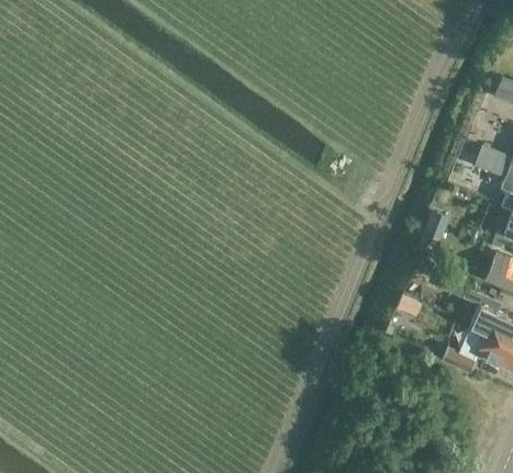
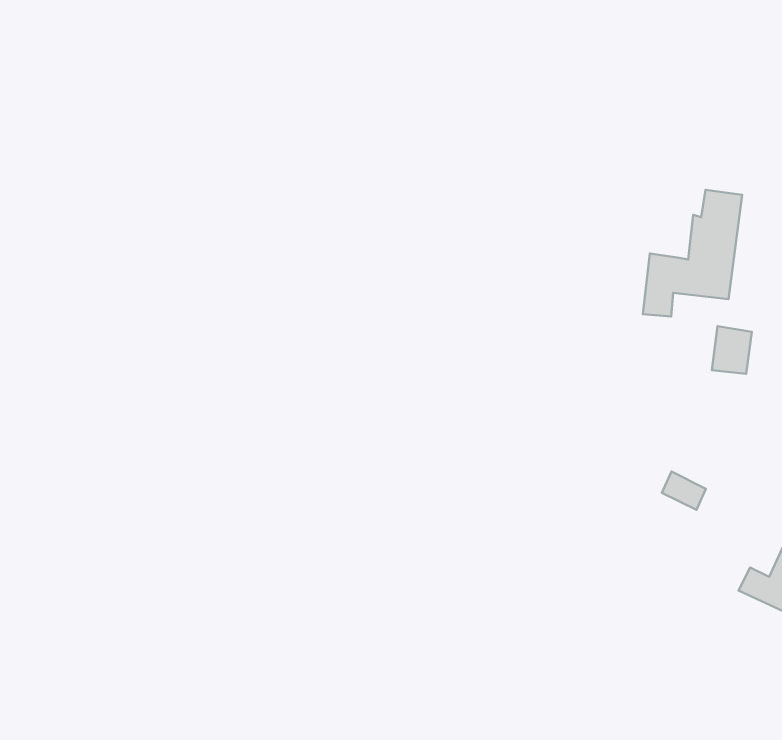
building: none -> [643,190,742,317]

